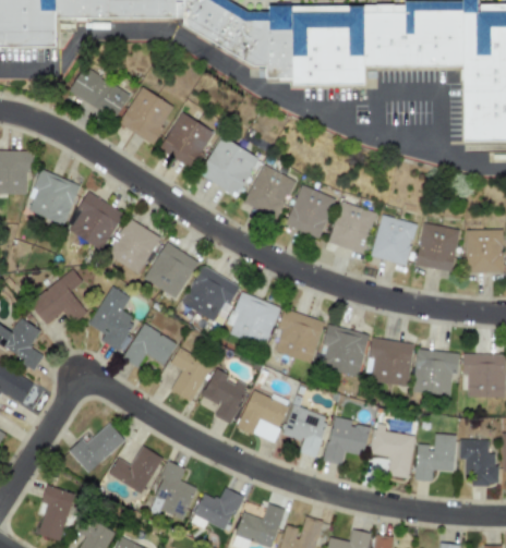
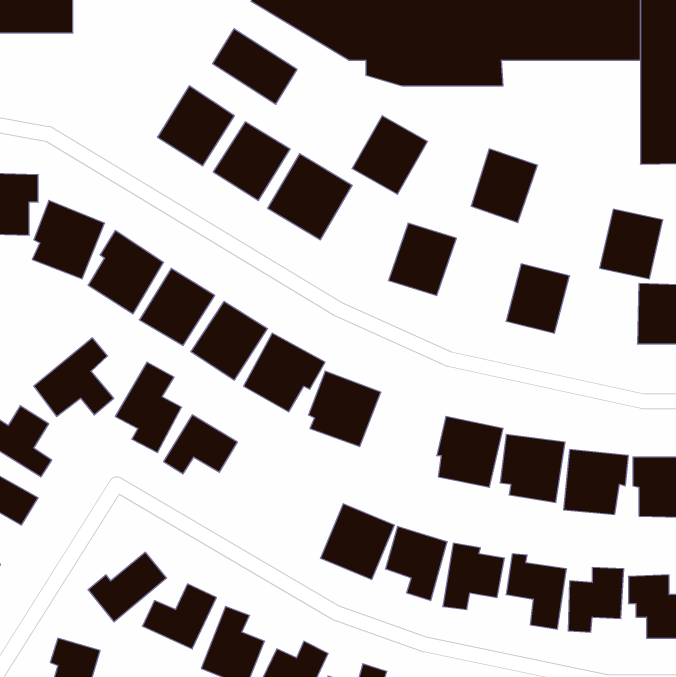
building: [69,65,130,120] -> [213,29,297,104]
building: [242,163,297,220] -> [352,116,428,194]
building: [328,200,376,254] -> [471,149,538,223]
building: [414,222,460,272] -> [600,209,663,279]
building: [275,309,324,363] -> none
building: [170,348,212,402] -> none
building: [202,368,249,424] -> none

